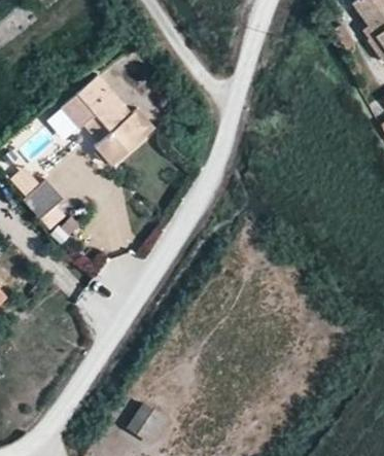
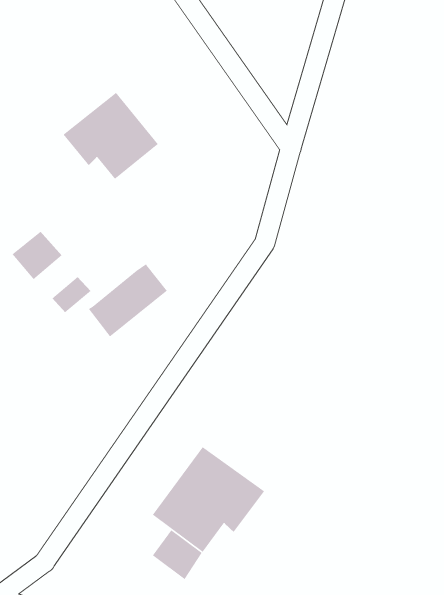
building: [97,110,156,166] -> [88,263,168,338]
building: none -> [152,446,265,553]

